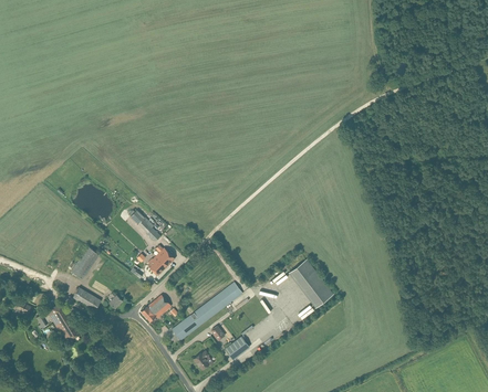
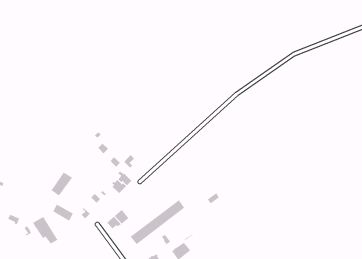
building: [288,258,333,307] -> none

